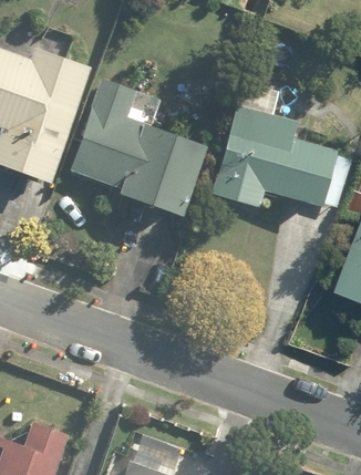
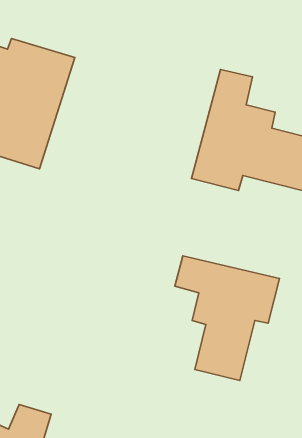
building: [69,81,206,213] -> none
building: none -> [175,256,279,381]

